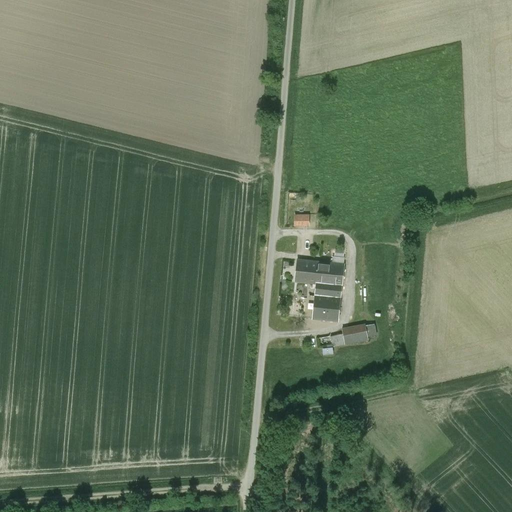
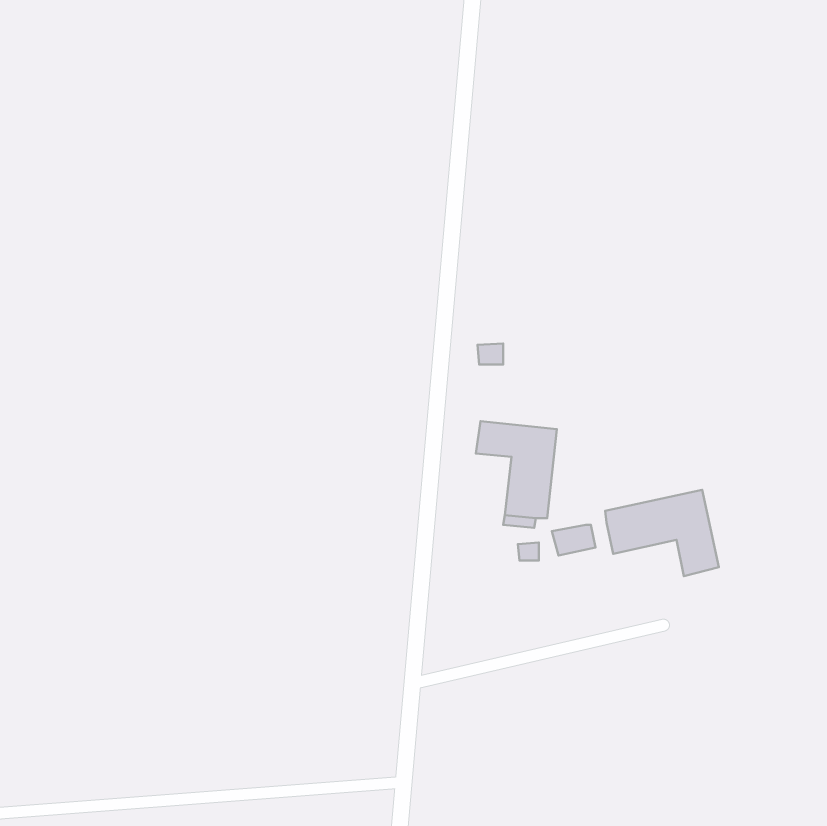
building: none -> [605,490,719,576]

